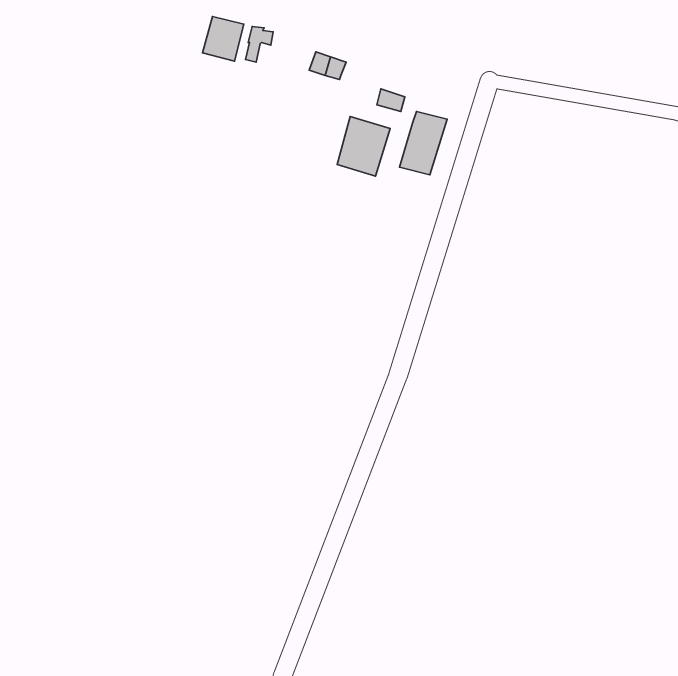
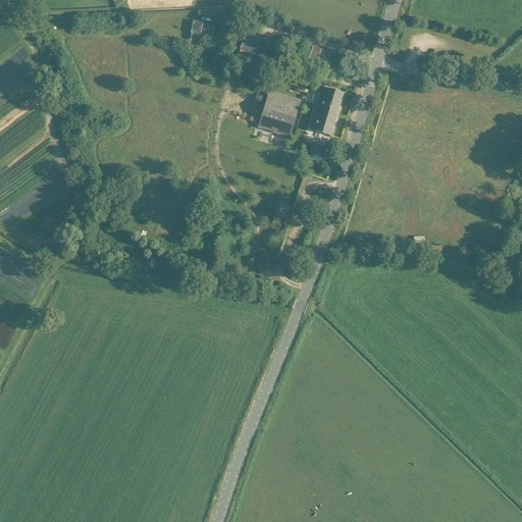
building: [202,17,244,61] -> none

